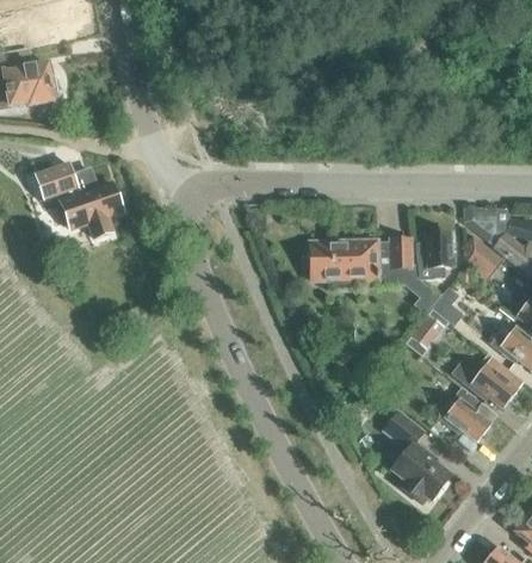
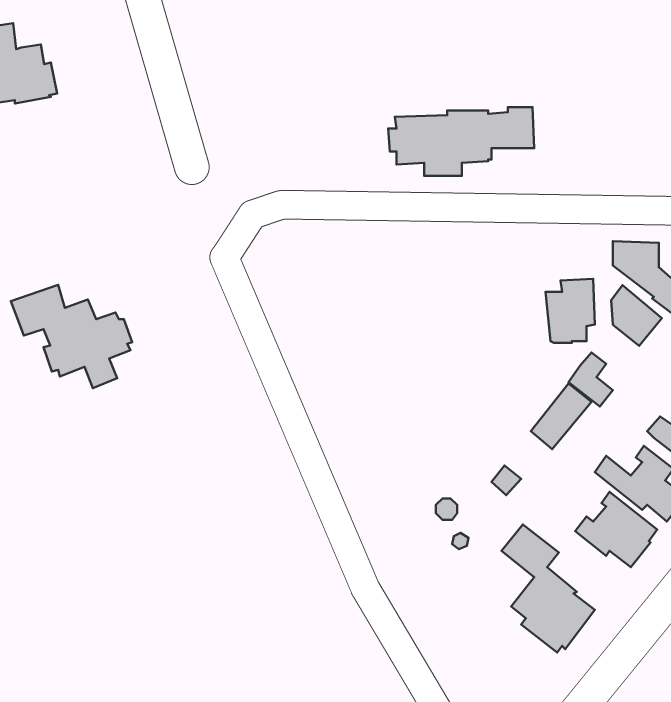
building: [36,161,124,236] -> [11,285,132,388]
building: [305,237,412,287] -> [388,107,534,176]

